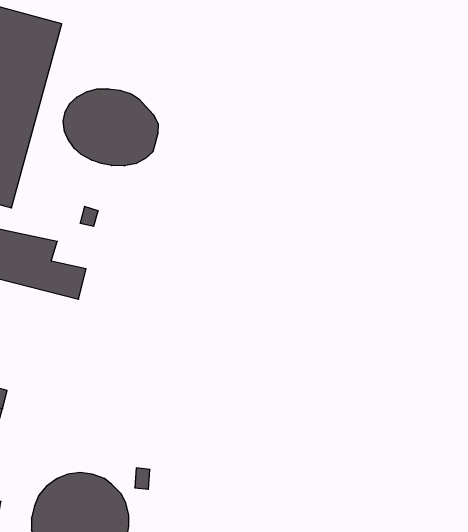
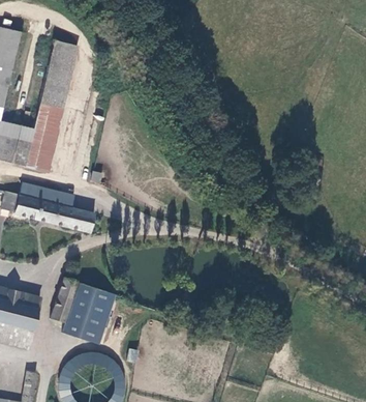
building: [63,89,158,166] -> none
building: none -> [50,277,116,344]

